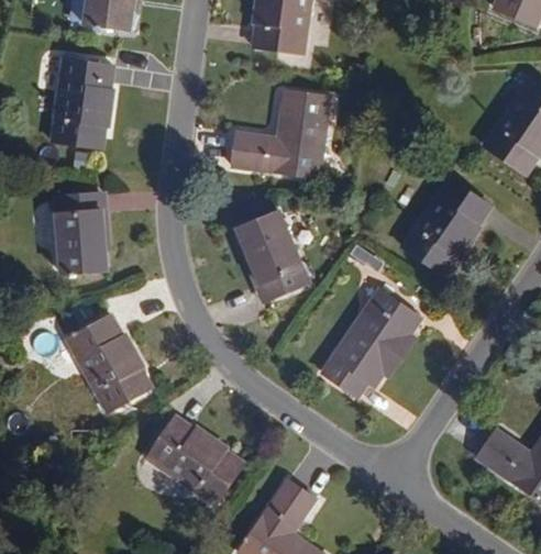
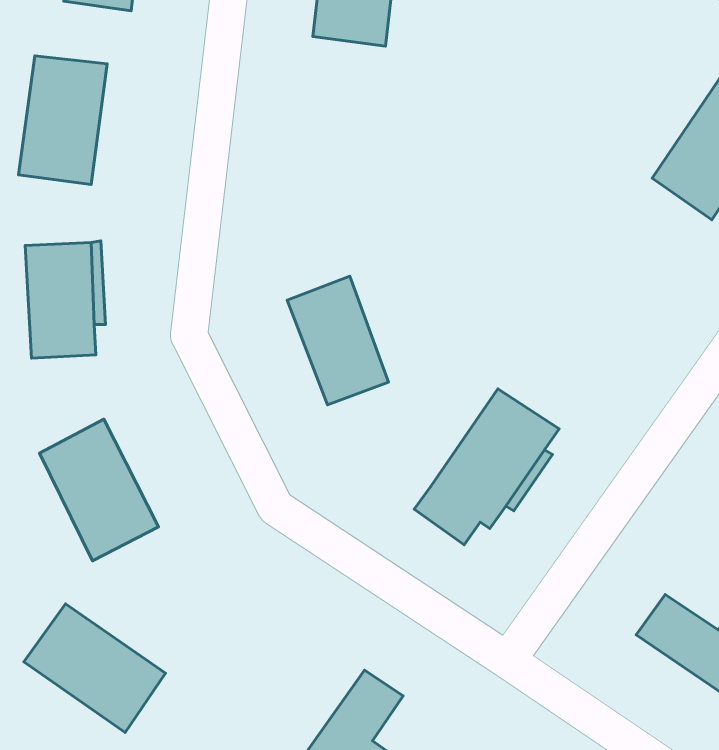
building: [232,90,330,177] -> none
building: [404,177,492,274] -> none
building: [146,419,243,507] -> [24,604,165,733]

